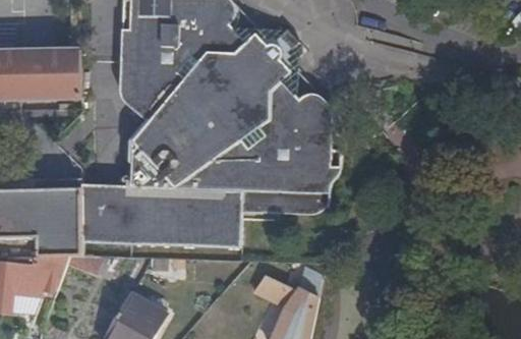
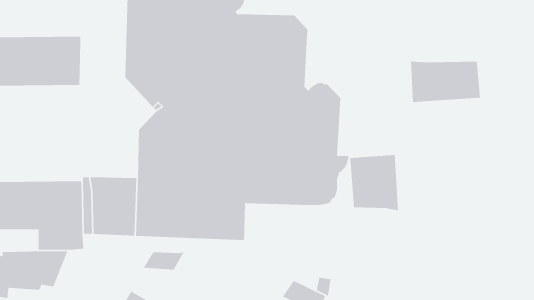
building: none -> [410,61,481,103]
building: none -> [349,154,399,211]

